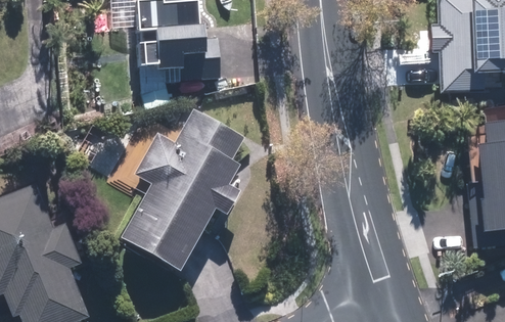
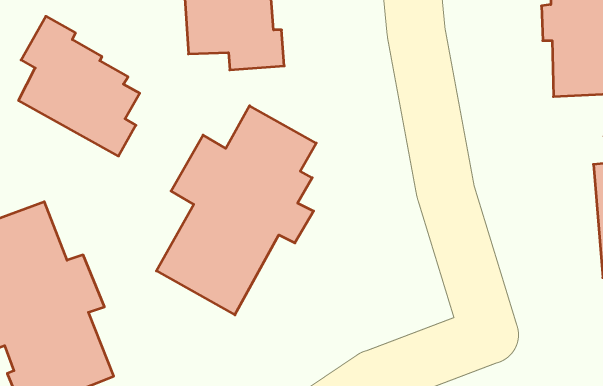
building: none -> [19,16,140,156]

